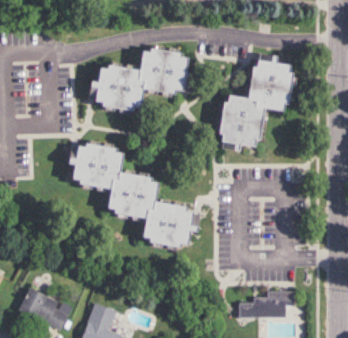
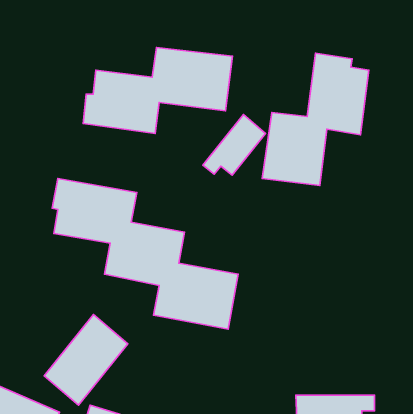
building: none -> [203,115,265,175]
building: none -> [44,314,128,405]

